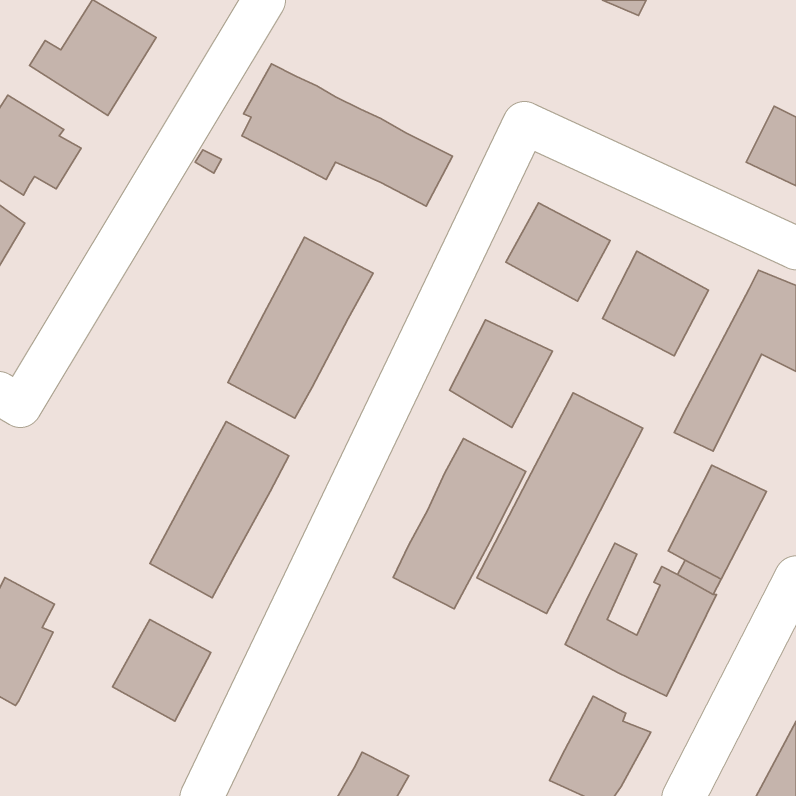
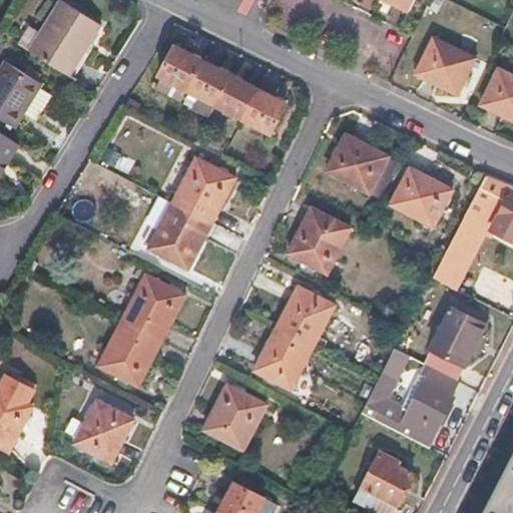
building: none -> [415,38,474,93]
building: [477,393,643,613] -> none
building: none -> [203,384,270,453]

